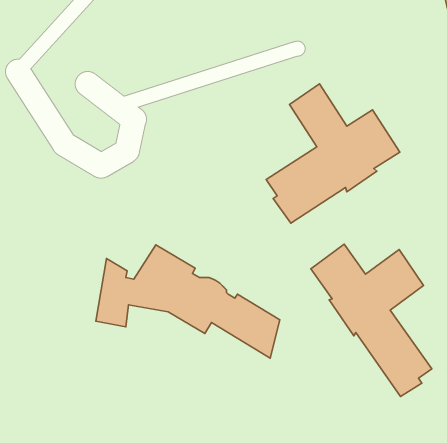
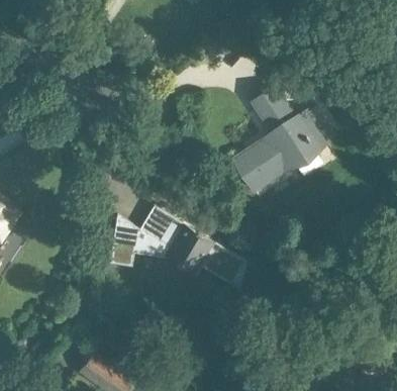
building: [311,244,432,396] -> none

